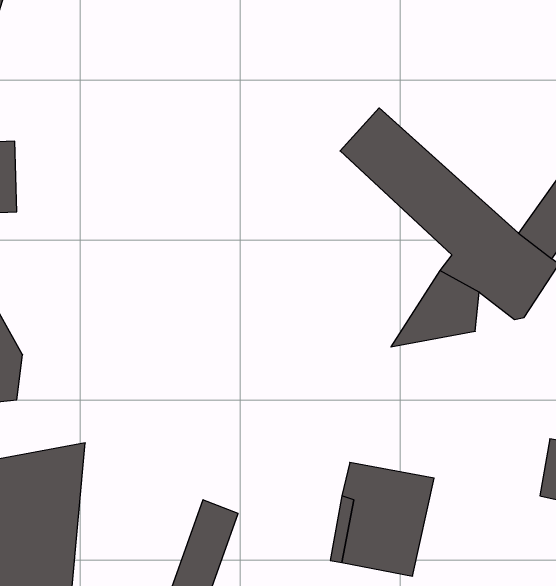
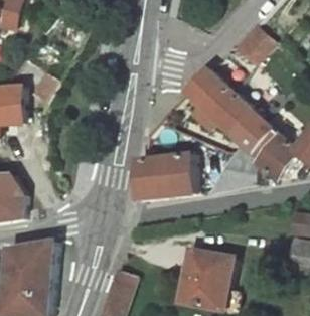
building: none -> [234,25,273,66]
building: none -> [137,153,194,199]

